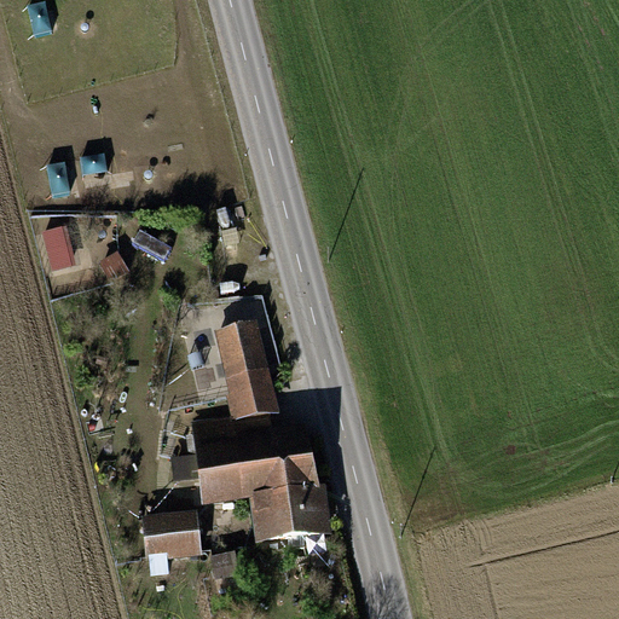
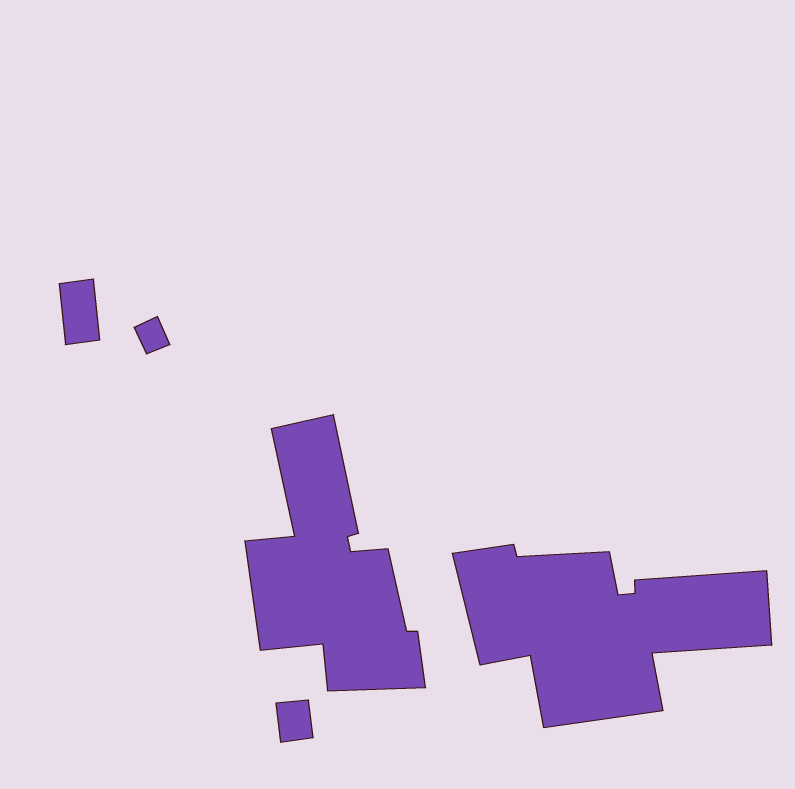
building: none -> [452,544,772,728]
building: [140,510,201,556] -> none

